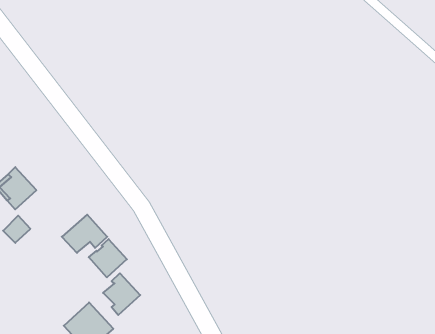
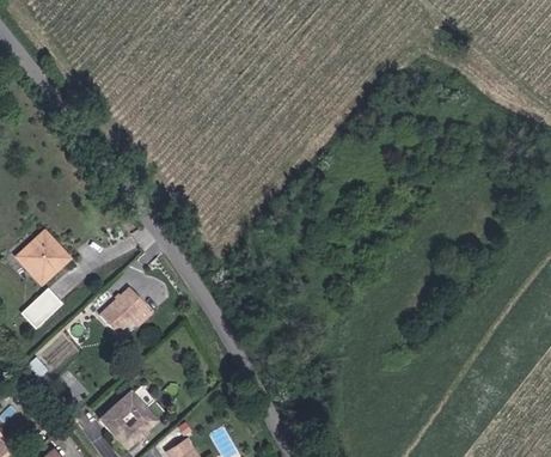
building: [89,239,127,277] -> none
building: [103,273,140,315] -> none

